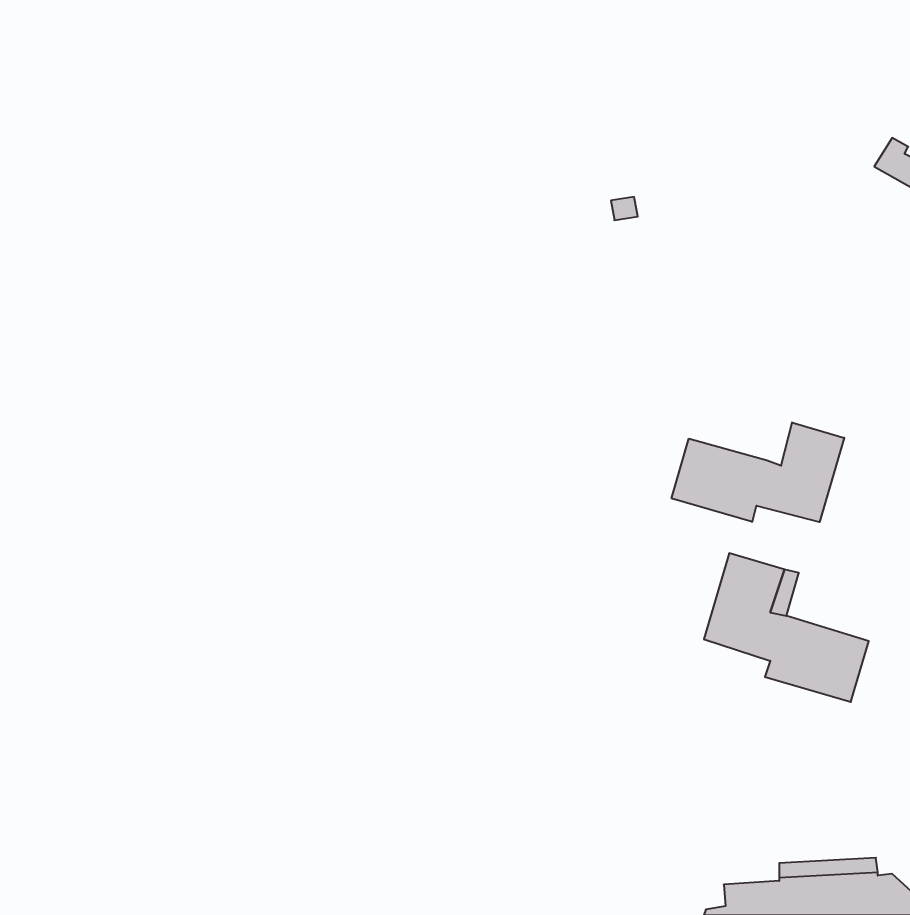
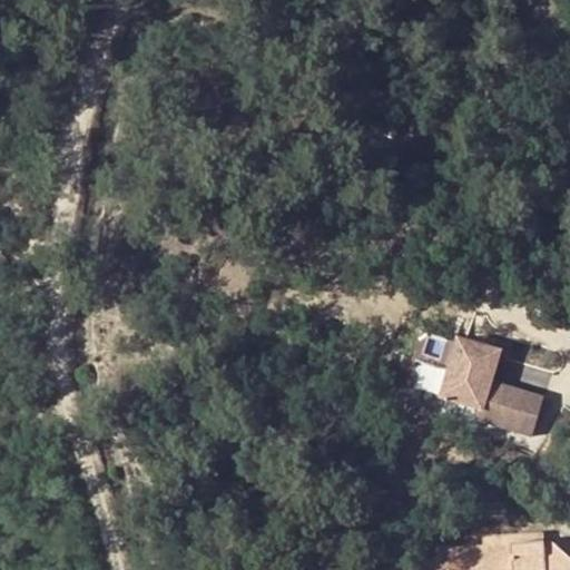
building: [672,422,844,522] -> none

